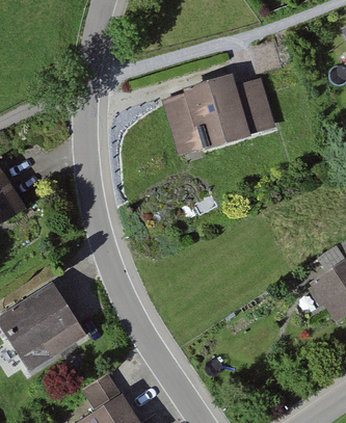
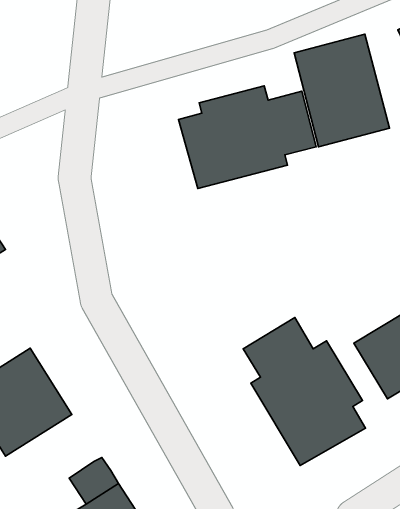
building: none -> [294,34,390,147]
building: none -> [243,318,365,465]

